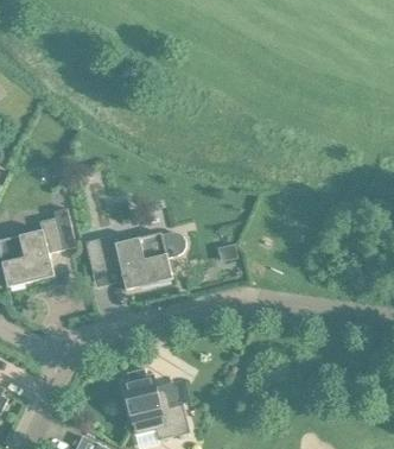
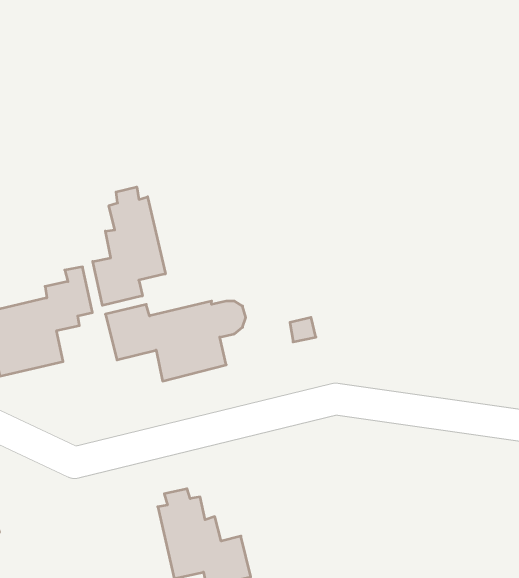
building: none -> [93,187,165,305]

